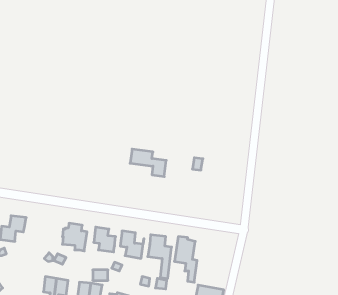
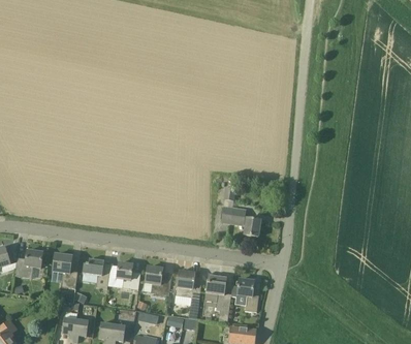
building: [130,149,166,177] -> [221,206,260,236]
building: none -> [53,253,77,287]
building: none -> [230,278,259,311]

